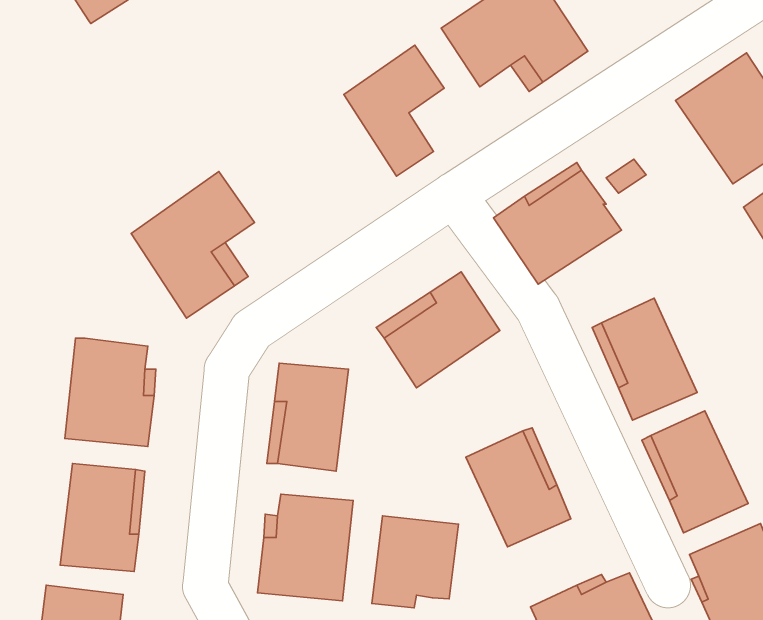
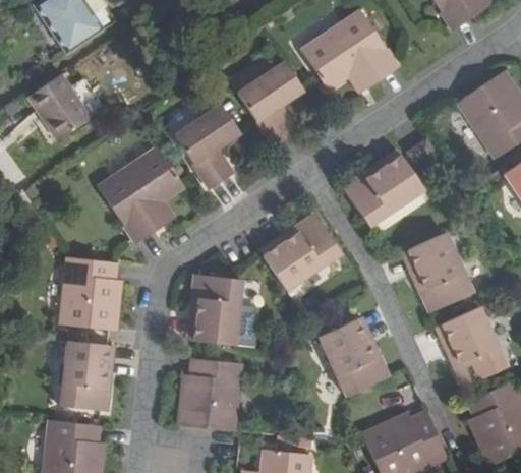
building: none -> [36,70,97,135]
building: none -> [175,107,242,192]
building: [372,516,458,608] -> none

